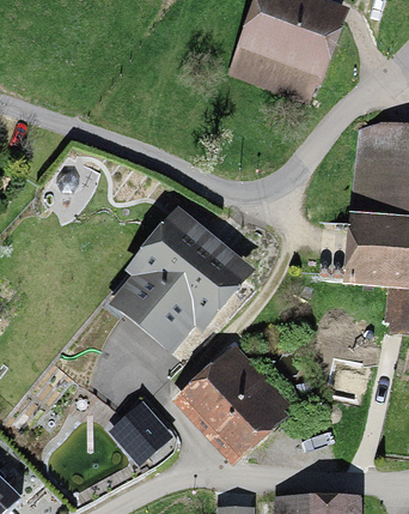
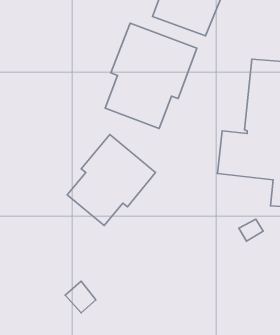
building: none -> [105,23,197,129]
building: [193,355,288,449] -> none

